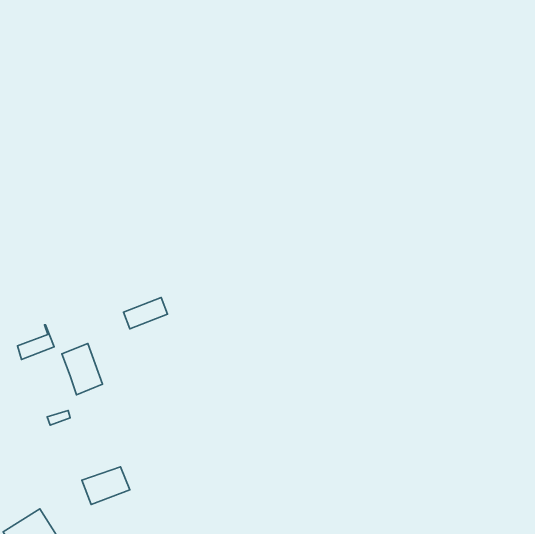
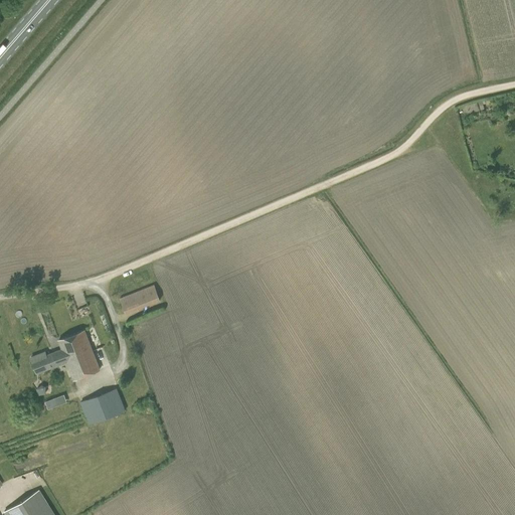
building: [17,325,54,360] -> [32,341,67,374]
building: [82,467,130,504] -> [79,389,126,425]

